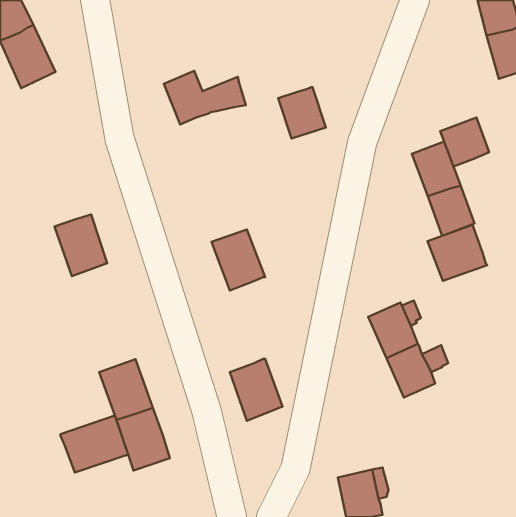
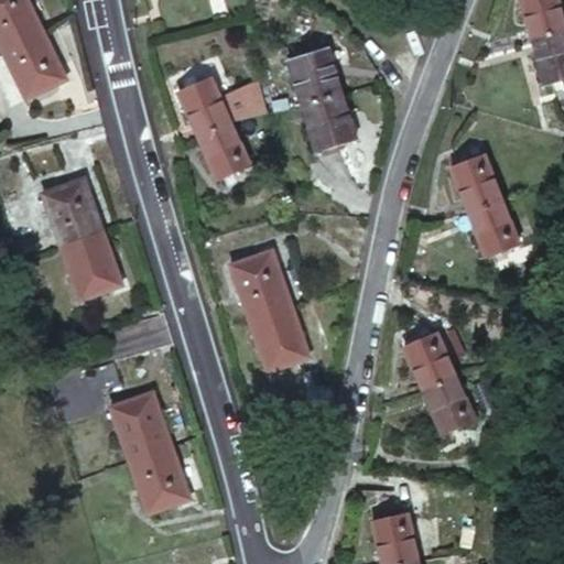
building: none -> [288,45,341,107]
building: none -> [197,122,247,177]
building: [440,118,489,167] -> none
building: none -> [43,183,100,247]
building: [427,225,487,281] -> none
building: [230,359,282,421] -> [251,302,308,369]
building: [60,416,128,472] -> none

